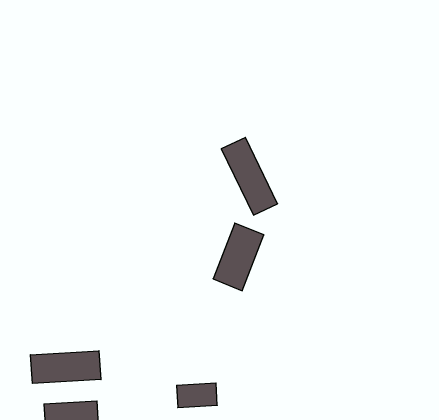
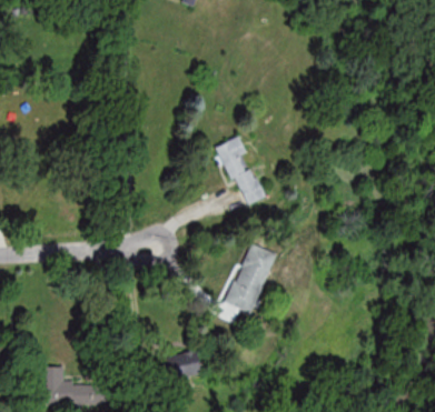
building: [213,223,264,291] -> [225,253,273,314]
building: [30,351,101,383] -> none

